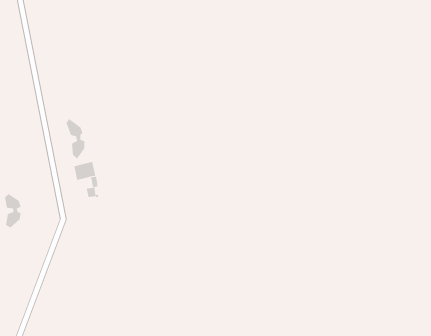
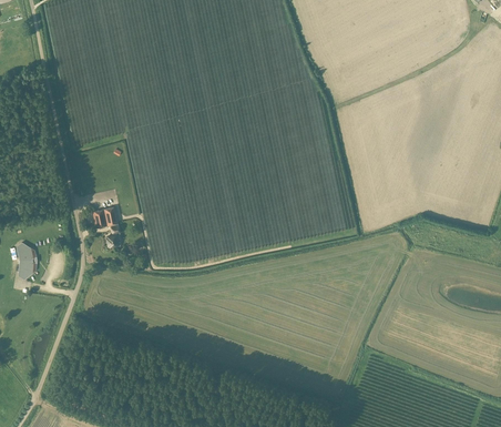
building: [66,118,85,159] -> none

